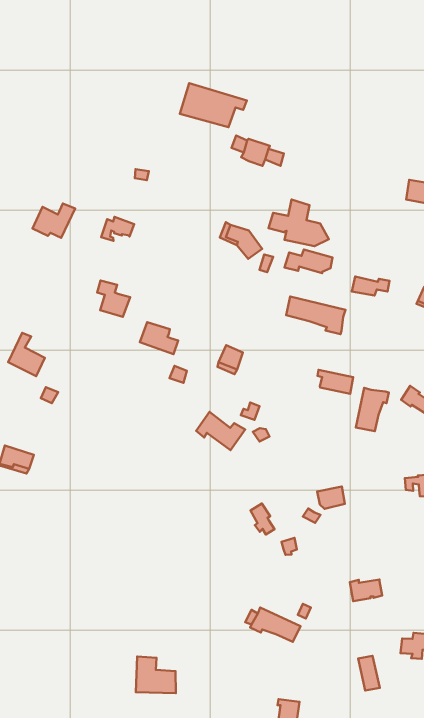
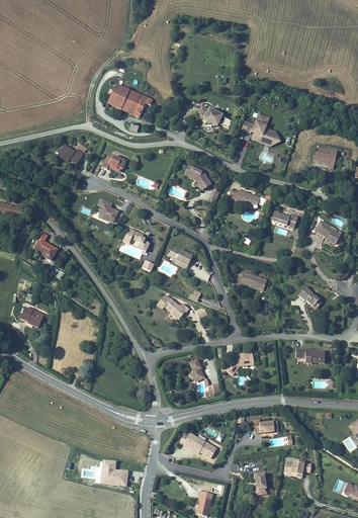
building: [180,83,247,127] -> [107,84,154,116]
building: [269,199,329,246] -> [241,112,281,146]
building: [286,296,345,334] -> none
building: [356,388,389,431] -> none

